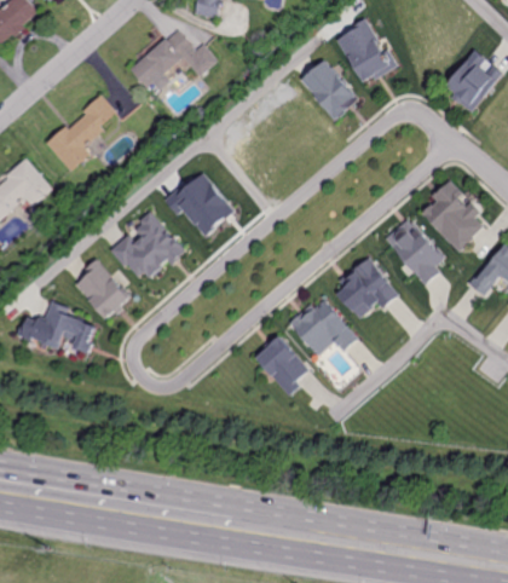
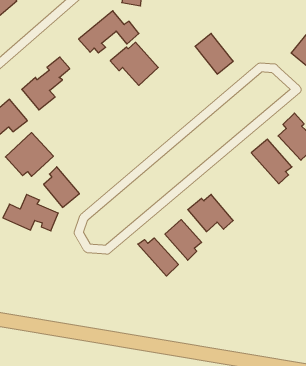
building: [333,17,398,83] -> none
building: [164,173,236,237] -> [110,42,158,85]
building: [111,215,183,281] -> [5,133,53,176]
building: [339,258,400,319] -> none
building: none -> [138,238,178,276]

